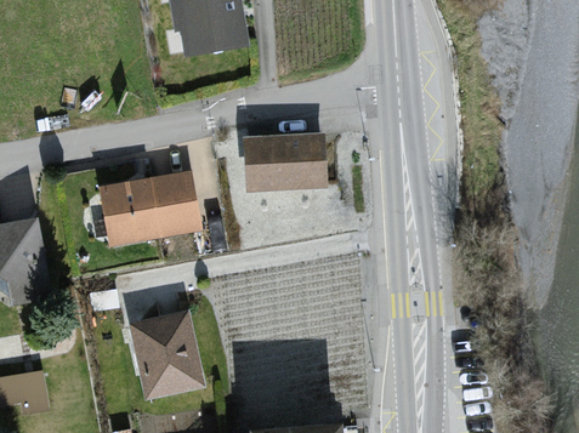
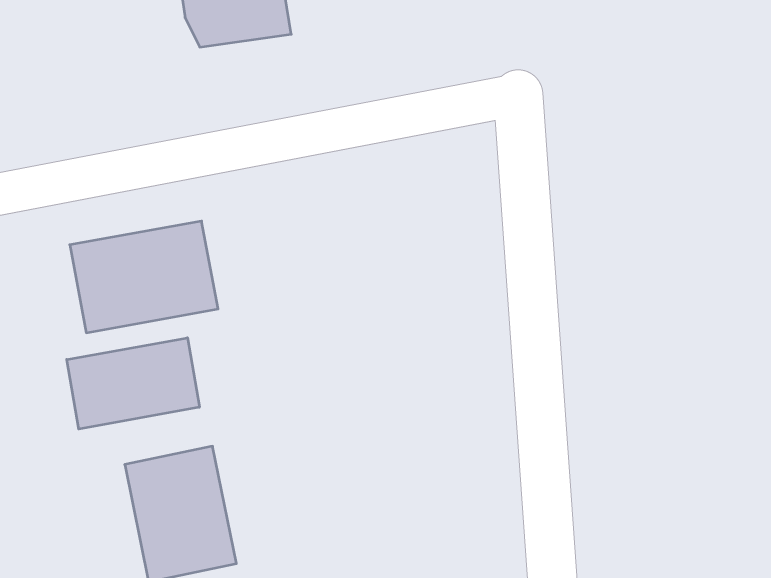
building: [243,136,327,188] -> none
building: none -> [67,338,199,429]

